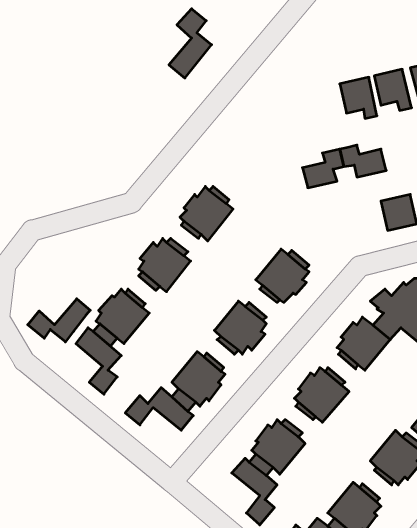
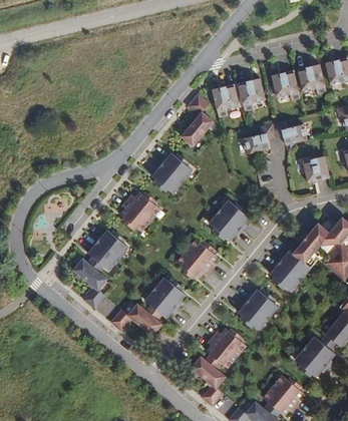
building: [169,9,212,78] -> [182,93,214,145]
building: none -> [238,78,265,112]
building: none -> [212,84,239,118]
building: [28,299,90,342] -> none

